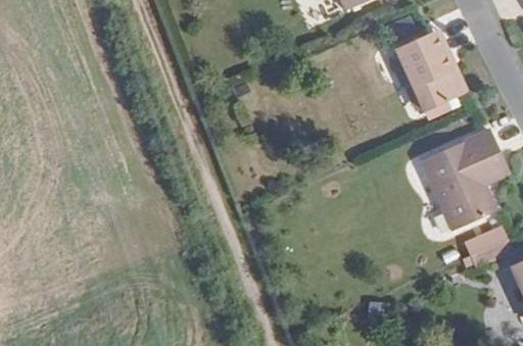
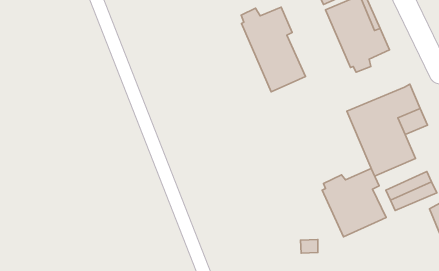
building: none -> [241,7,305,92]
building: none -> [322,168,386,237]

